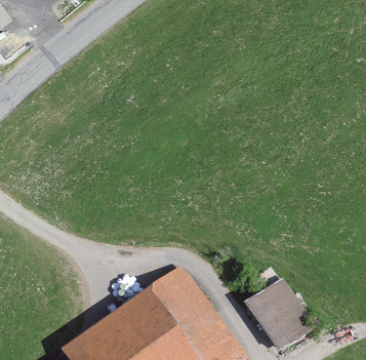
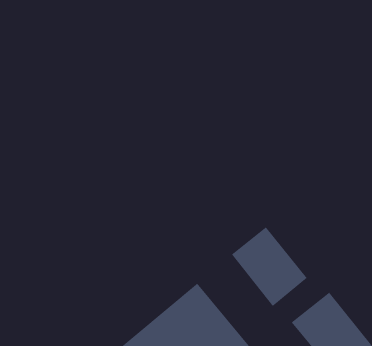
building: none -> [231,227,308,307]

